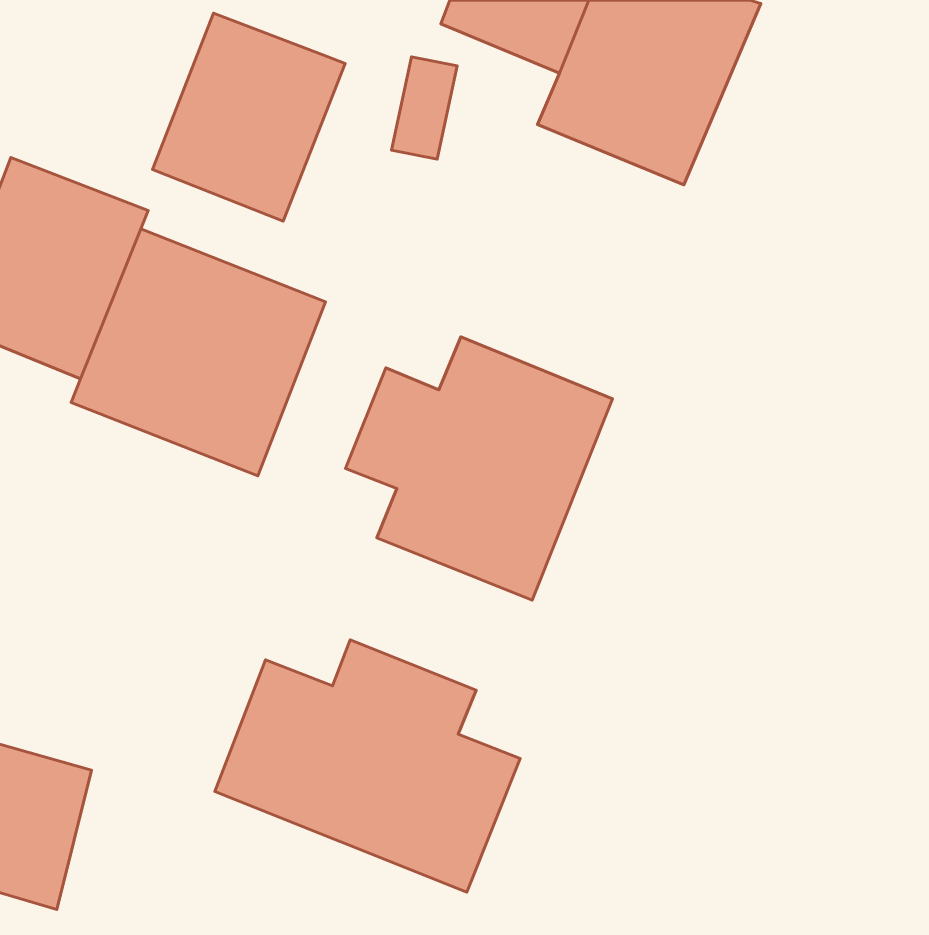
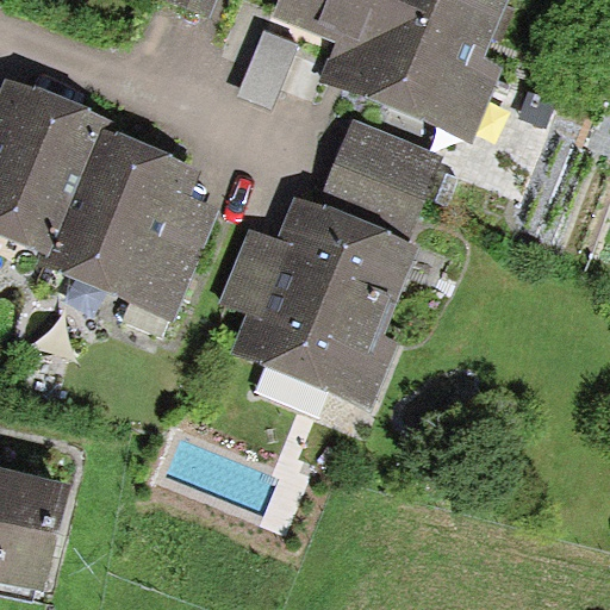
building: [153,13,345,221] -> none
building: none -> [336,124,448,217]
building: [215,640,520,892] -> none

